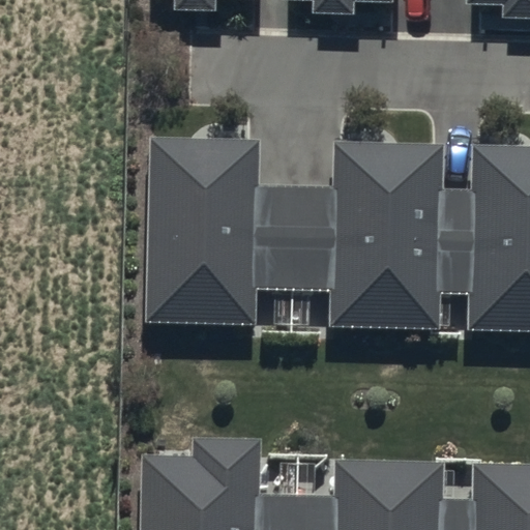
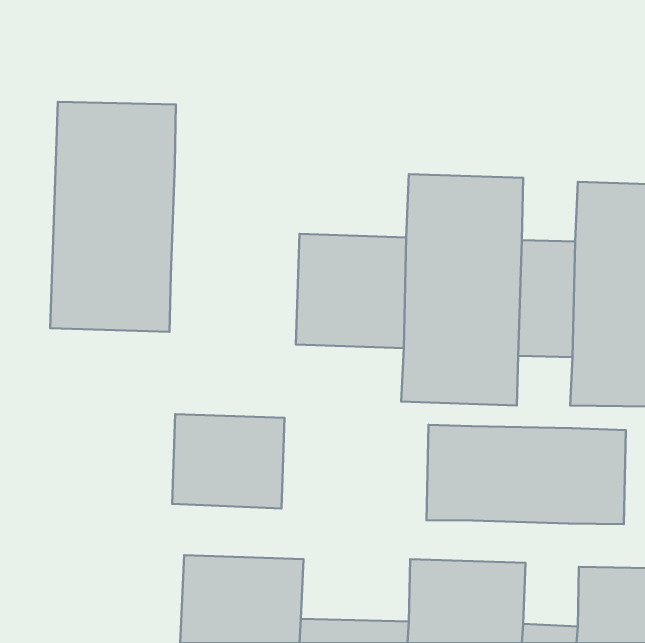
building: [146,140,248,327] -> [50,102,176,332]
building: none -> [172,414,284,509]
building: none -> [427,425,626,524]

